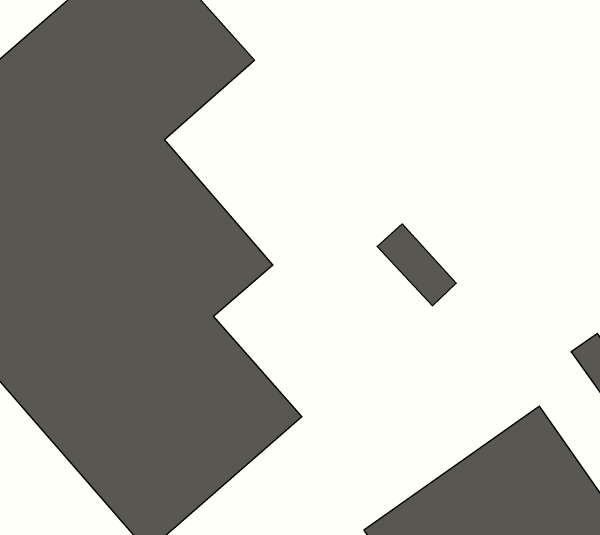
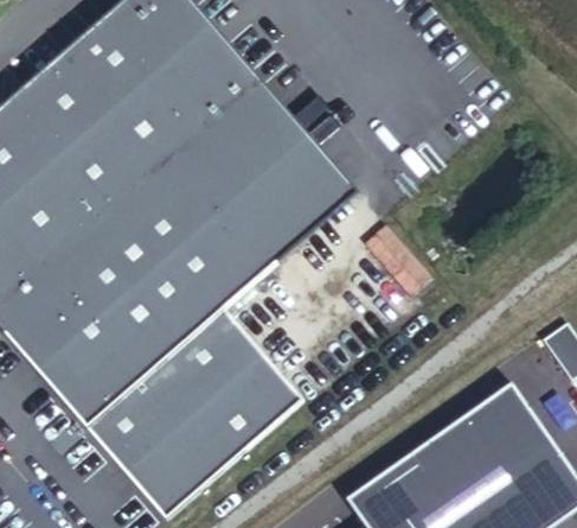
building: none -> [175,76,353,260]

